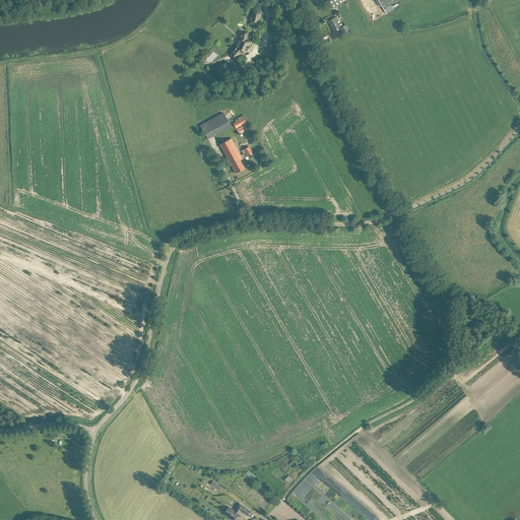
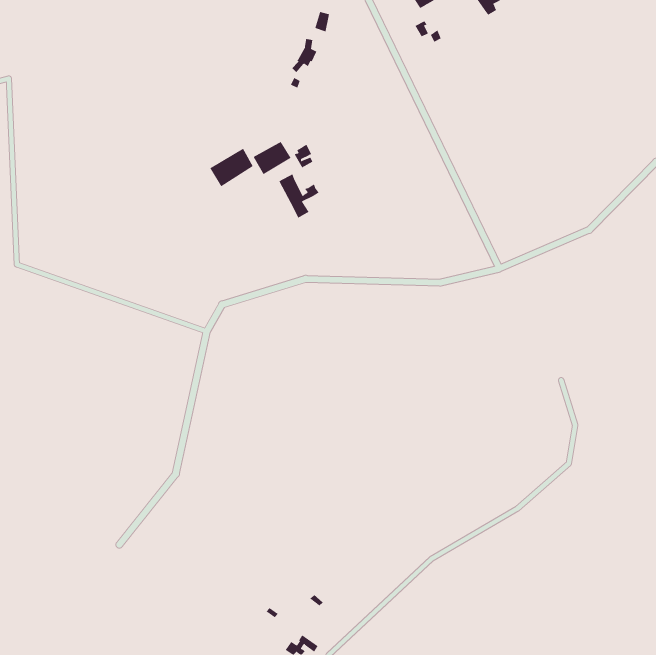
building: none -> [209,148,254,187]

